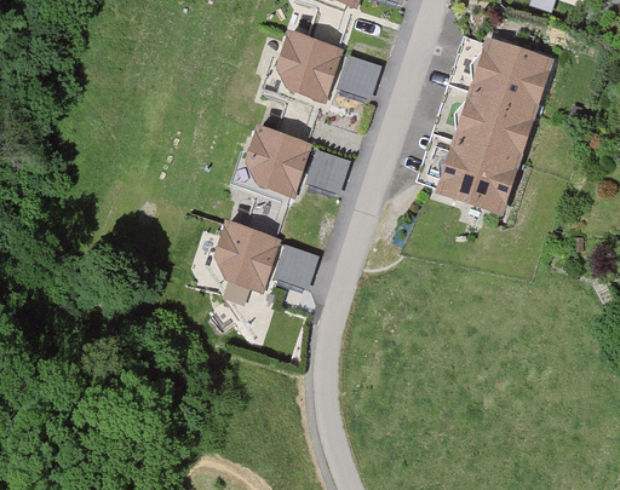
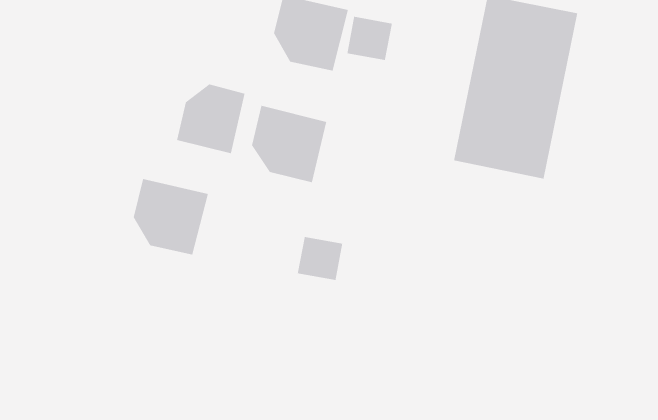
building: none -> [176,83,245,154]
building: [306,150,350,194] -> none
building: [214,221,283,294] -> [133,178,209,255]

